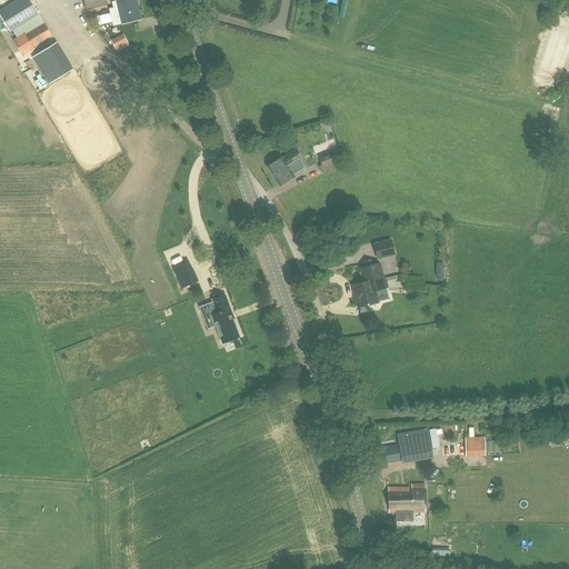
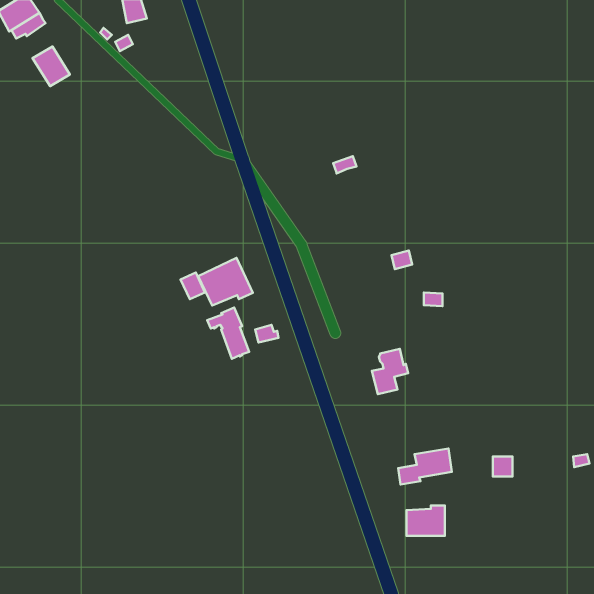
building: [12,22,51,54] -> none
building: [267,150,301,184] -> none
building: none -> [198,258,253,305]
building: [352,262,387,306] -> [372,349,408,394]

